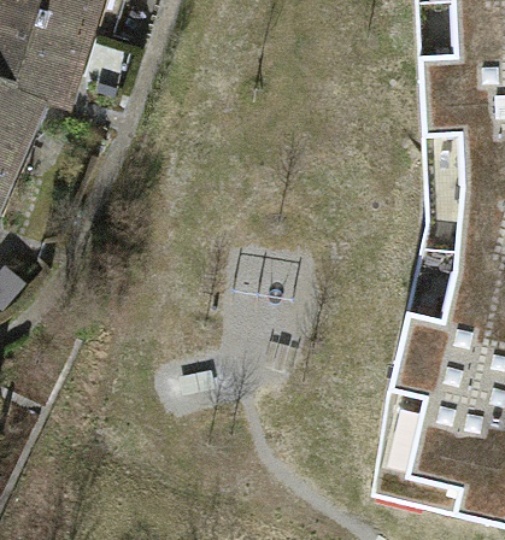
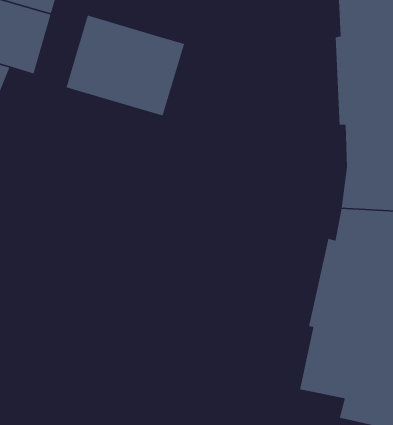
building: none -> [65,15,185,116]

